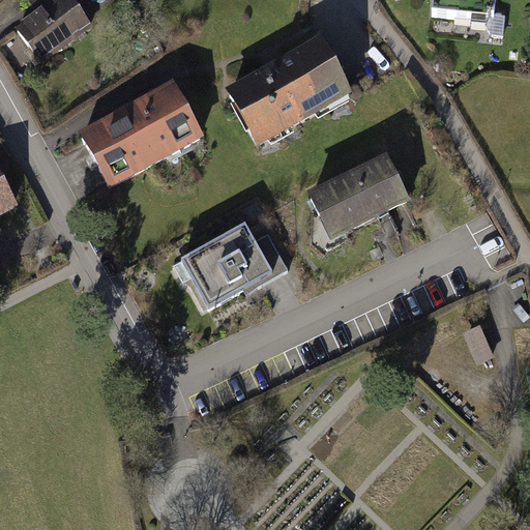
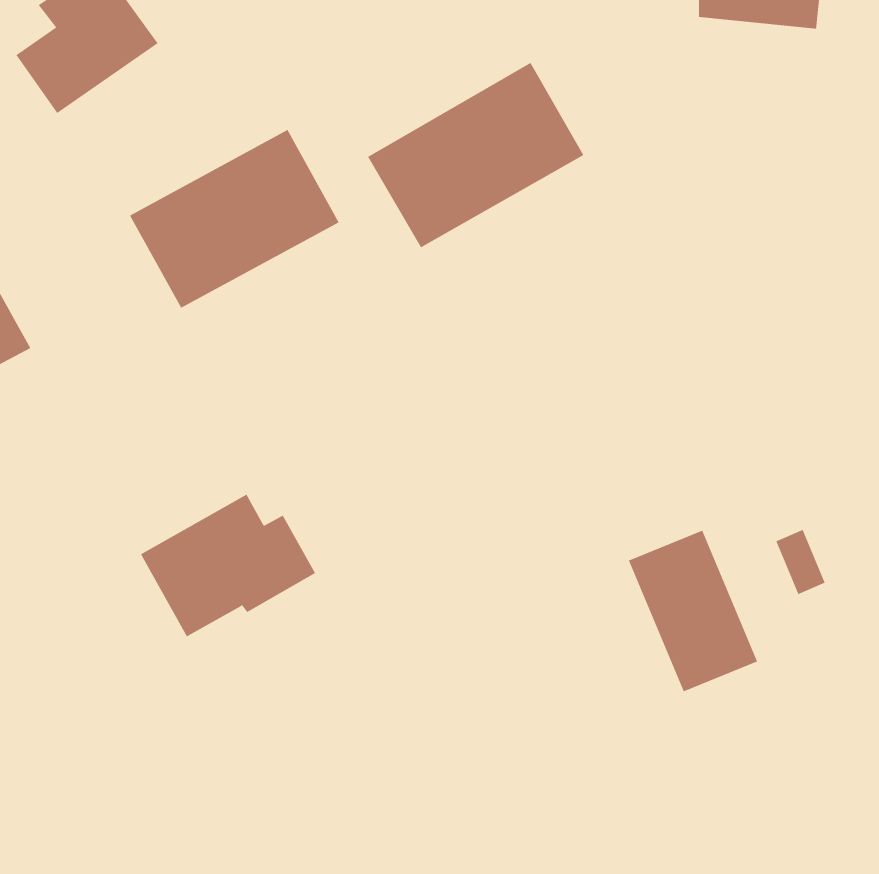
building: [307,151,410,237] -> none
building: [181,219,287,305] -> [140,494,316,637]
building: none -> [628,530,758,692]

